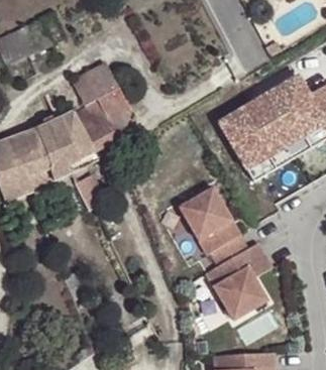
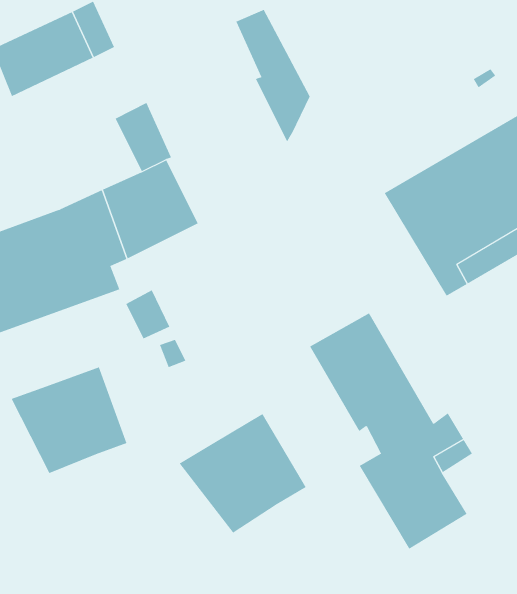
building: [87,60,129,136] -> [236,9,310,143]
building: none -> [11,367,127,474]
building: none -> [179,413,307,533]

